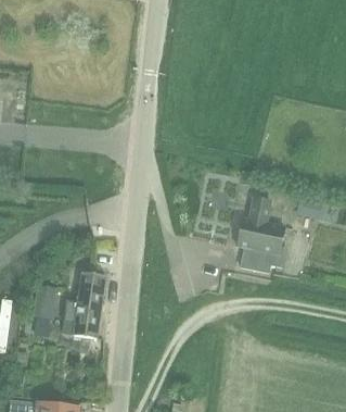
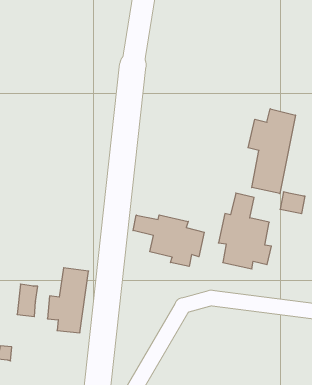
building: none -> [248,109,295,194]
building: none -> [133,215,204,266]

